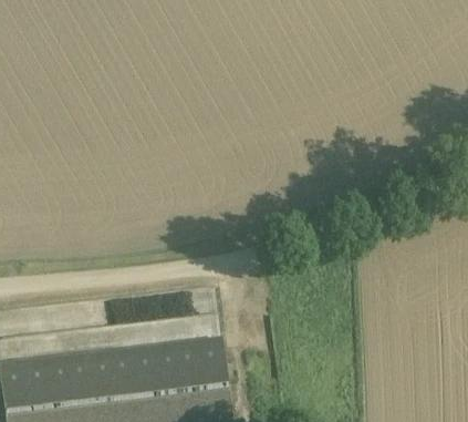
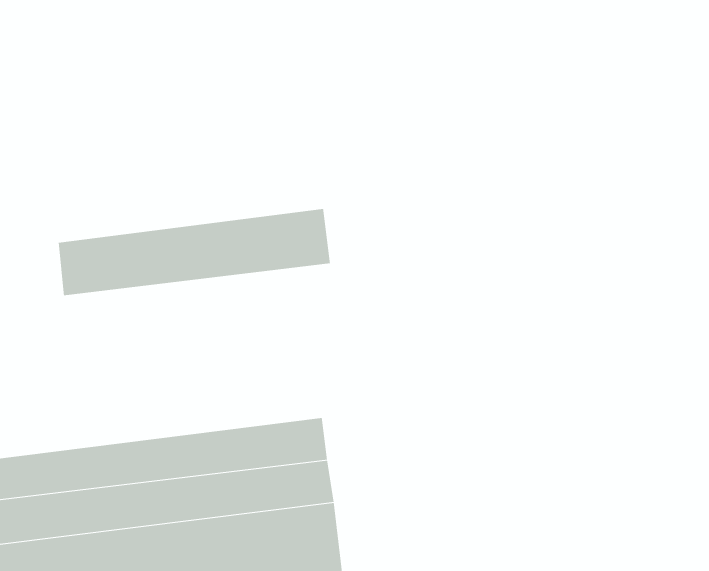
building: none -> [58,208,330,296]

